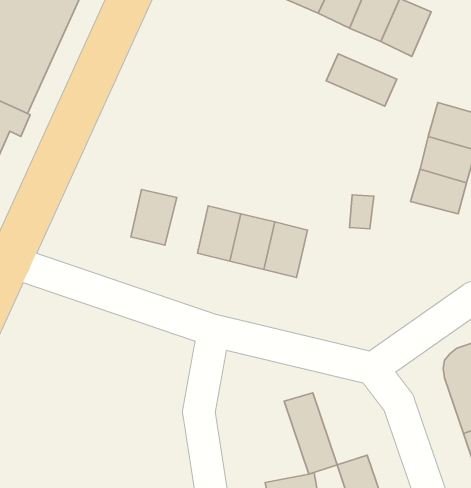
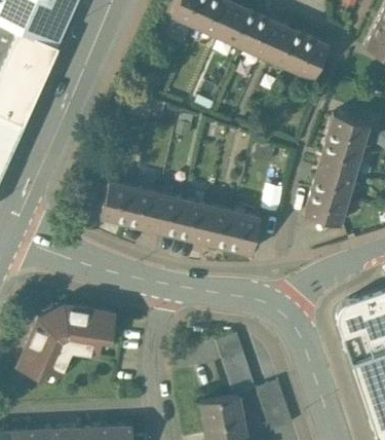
building: [326,54,397,106] -> none
building: none -> [126,187,159,229]
building: none -> [305,190,348,224]
building: none -> [226,212,260,254]
building: none -> [18,307,113,376]

